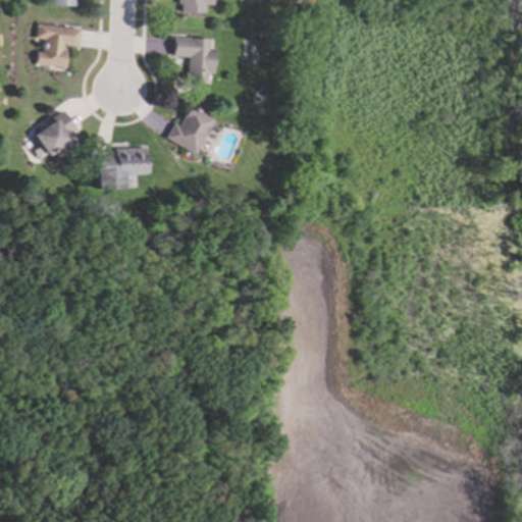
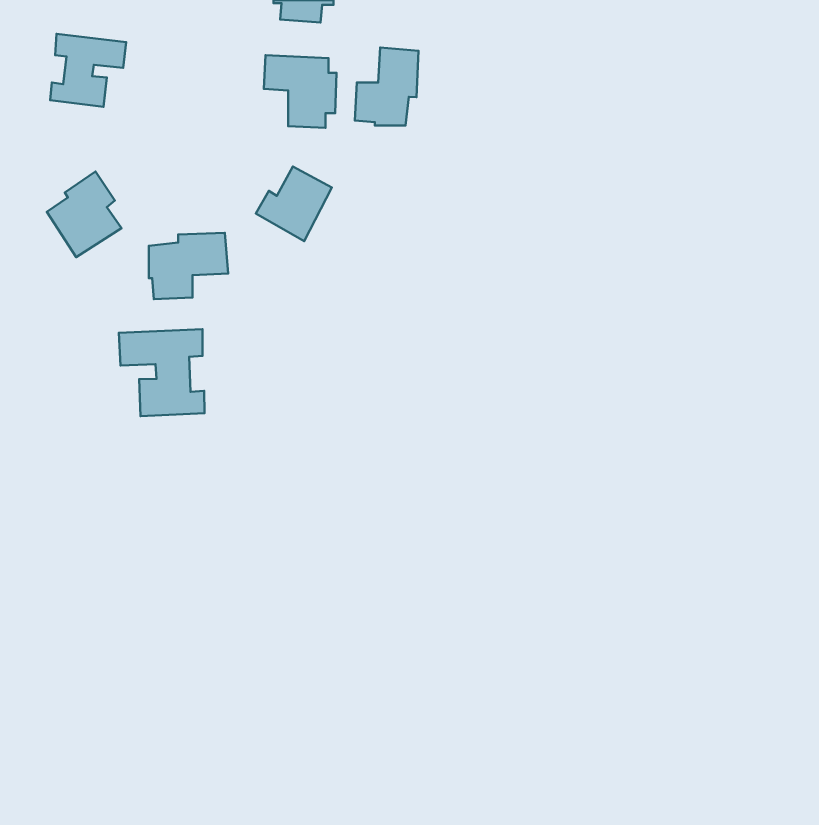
building: none -> [355,47,418,126]
building: none -> [119,329,205,416]

